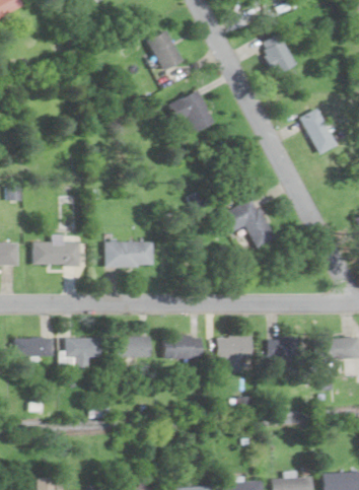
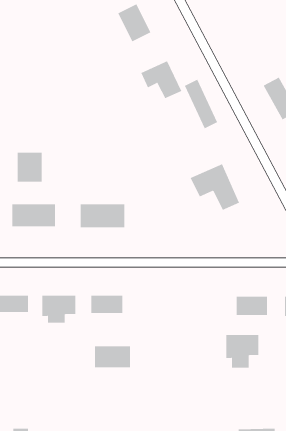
building: [265,36,289,70] -> none
building: none -> [184,79,218,129]
building: none -> [17,152,42,183]
building: [165,335,204,358] -> [94,346,131,368]
building: [218,335,254,370] -> [225,334,259,368]

